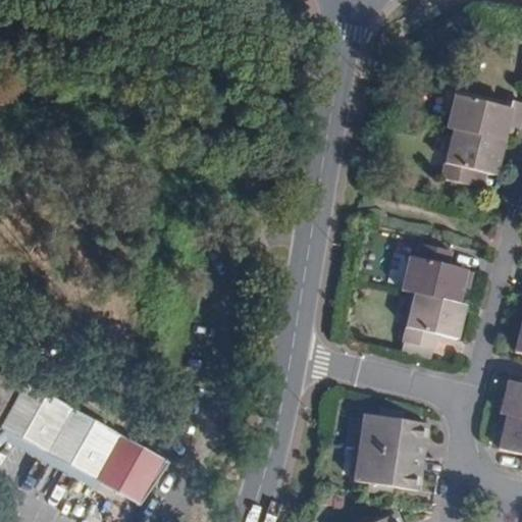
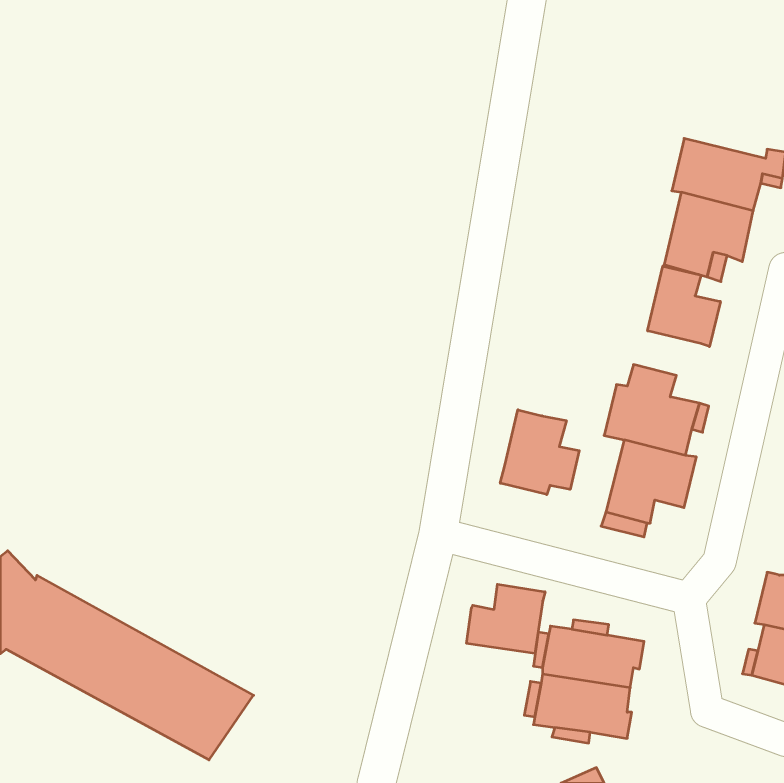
building: none -> [648,266,720,347]
building: none -> [500,410,579,495]
building: none -> [467,584,545,653]

